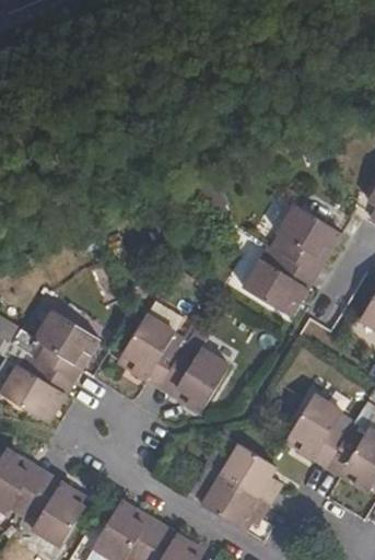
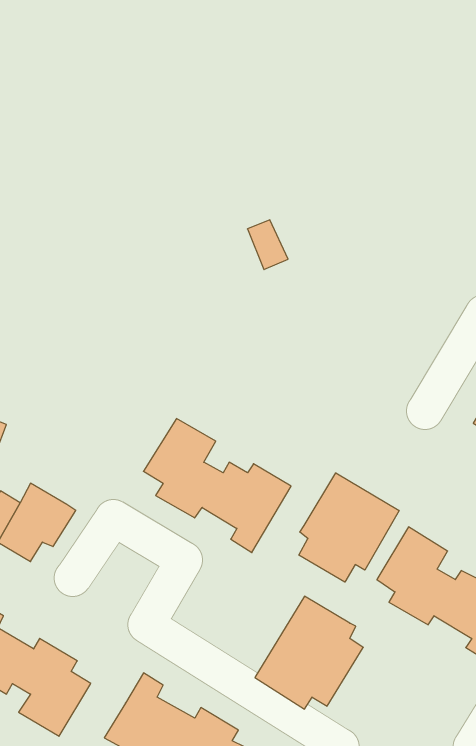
building: [242,206,340,313] -> none
building: [32,314,96,378] -> none
building: none -> [299,473,399,582]

